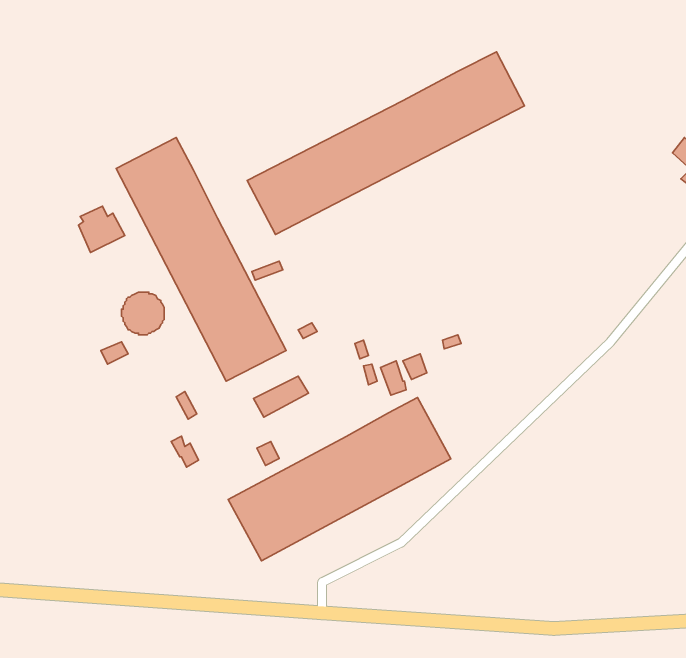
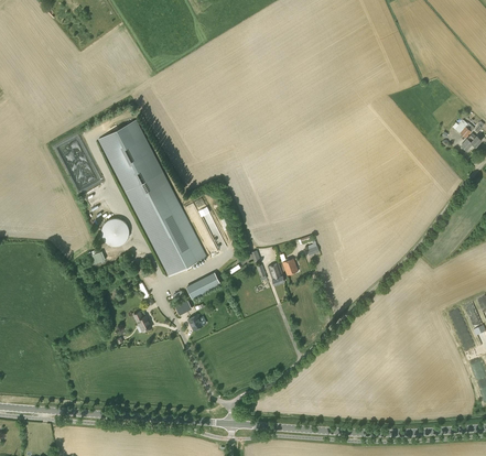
building: [247,52,525,235] -> none
building: [228,398,451,561] -> none

